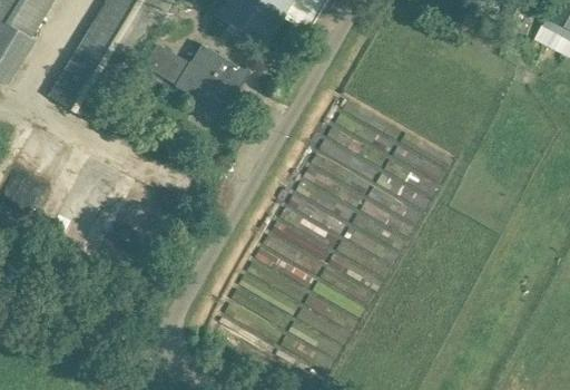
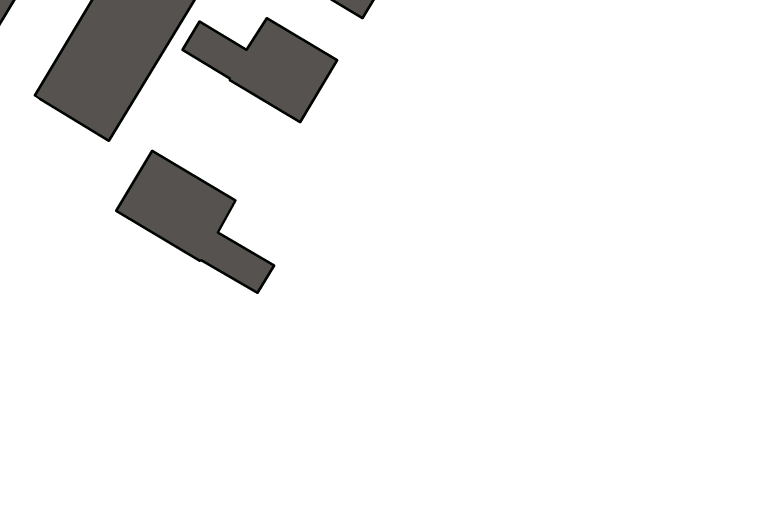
building: none -> [116,151,274,293]

